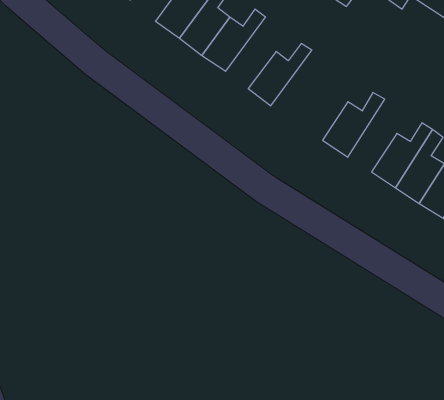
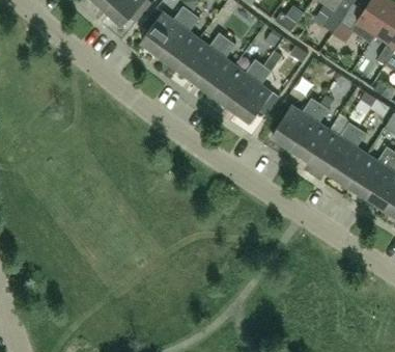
building: none -> [196,39,235,96]
building: none -> [231,65,272,123]
building: none -> [291,104,330,161]

